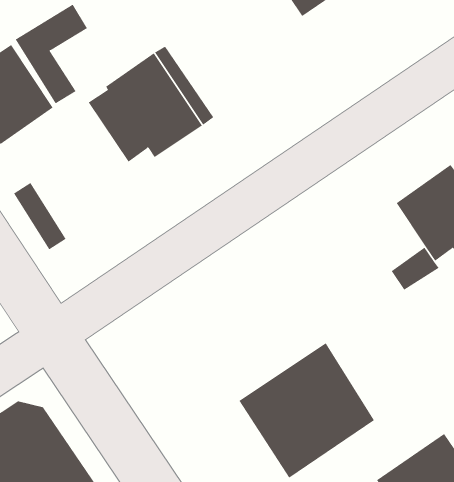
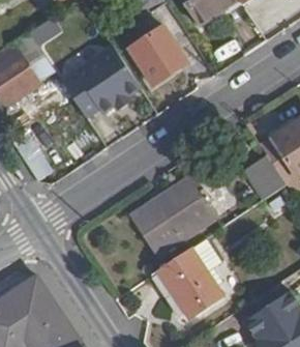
building: none -> [127,27,185,86]
building: none -> [130,180,215,258]

